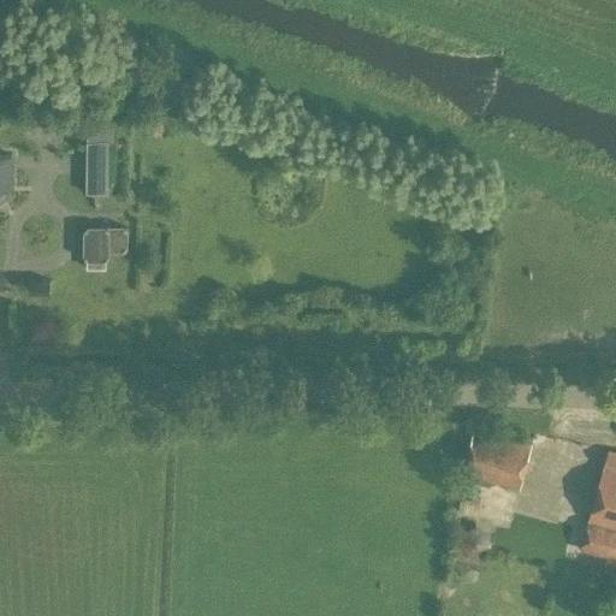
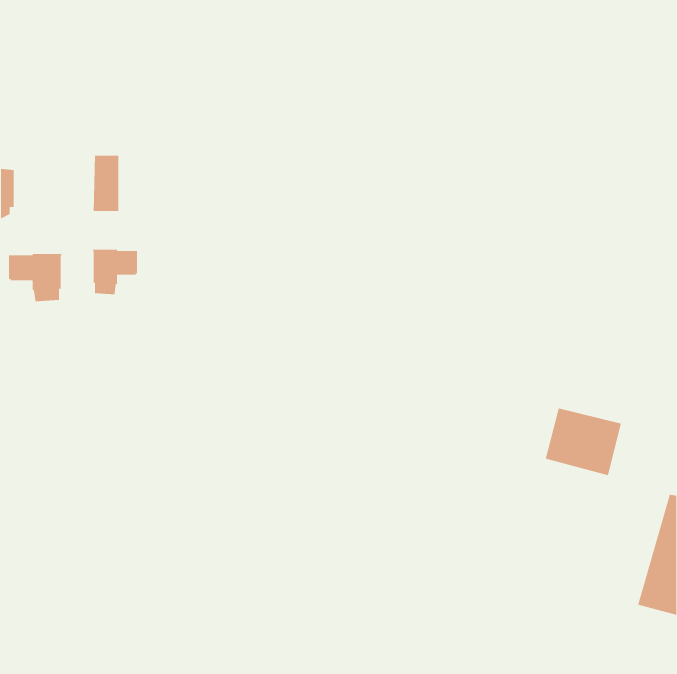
building: none -> [8,253,63,302]
building: [461,430,531,492] -> [545,407,622,476]

